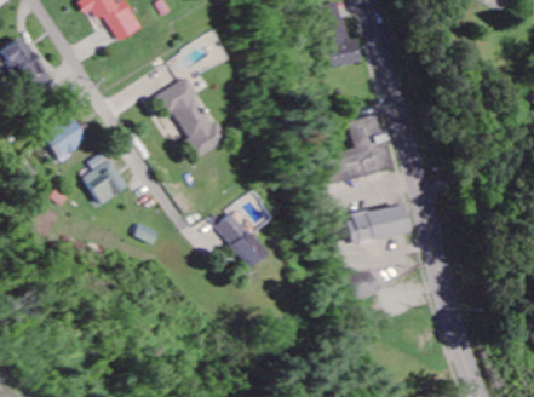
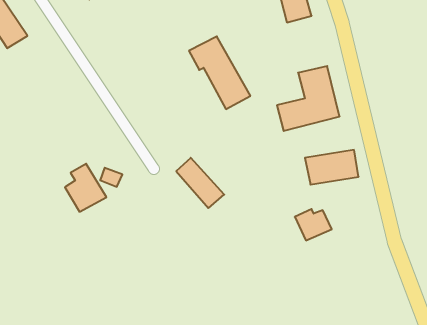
building: [159,77,225,156] -> [189,36,250,109]
building: [41,119,86,161] -> none
building: [80,151,125,203] -> [65,164,106,212]

